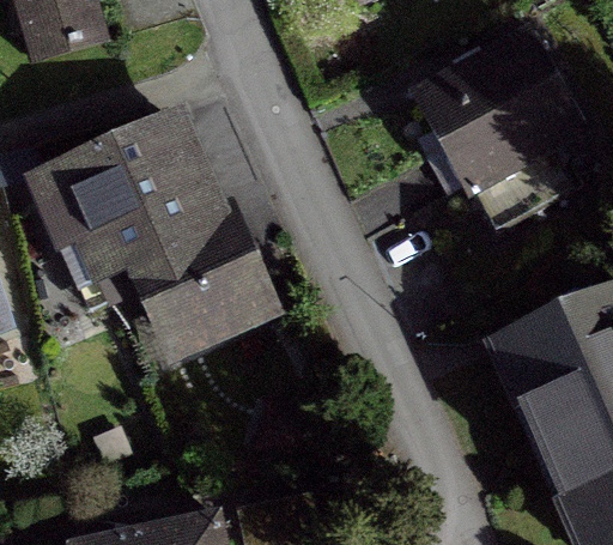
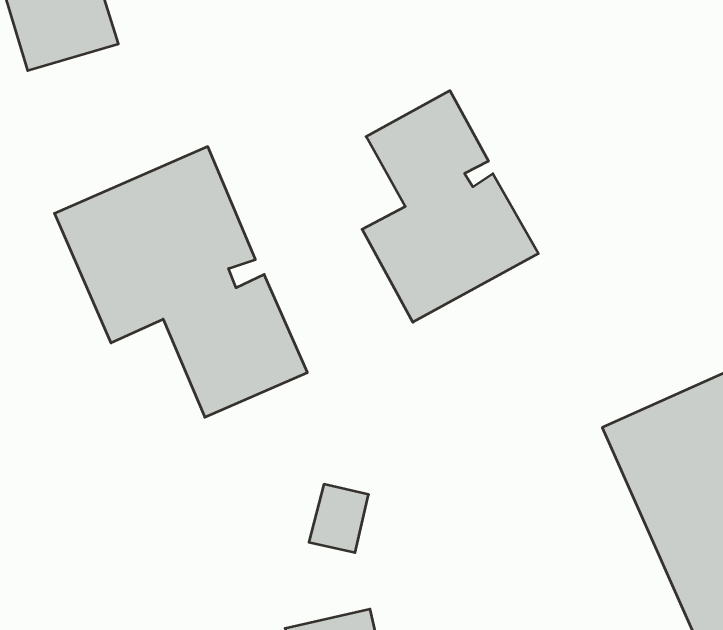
building: [414,37,581,231] -> none
building: none -> [362,91,538,322]

